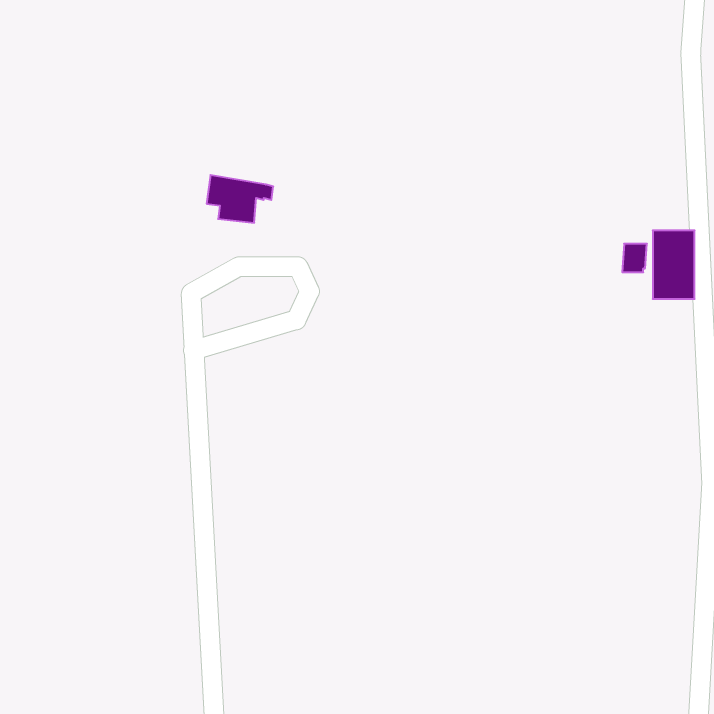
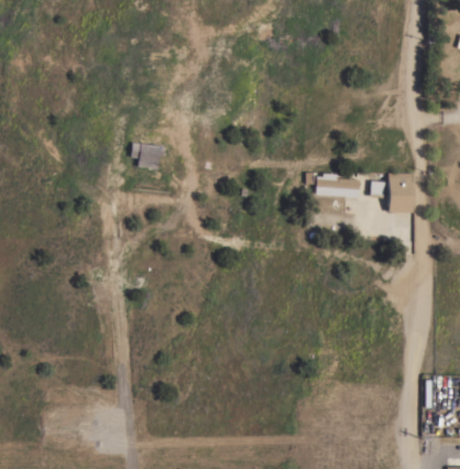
building: none -> [317,173,361,197]

